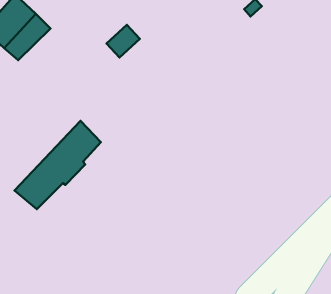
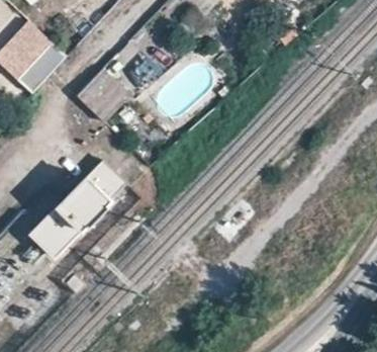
building: none -> [77,69,128,120]

